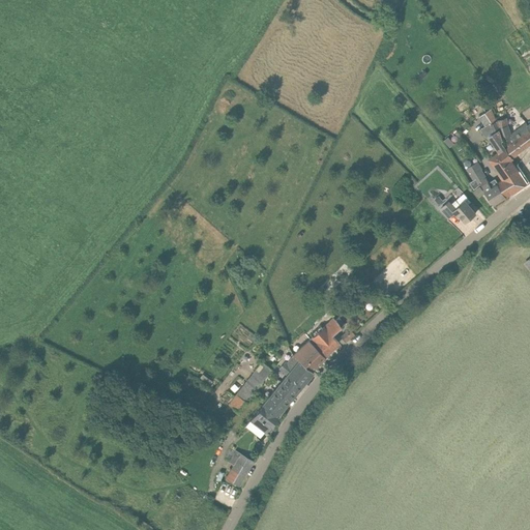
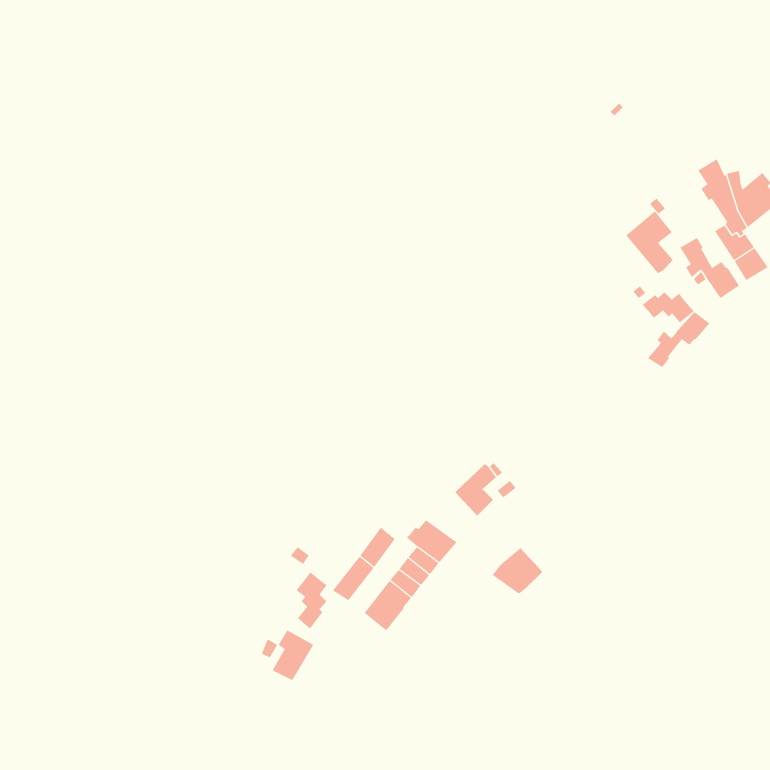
building: none -> [626,210,673,274]
building: none -> [647,311,710,368]
building: [293,338,328,371] -> [492,548,543,594]
building: none -> [296,571,327,629]
building: [226,452,255,488] -> [272,630,314,681]

